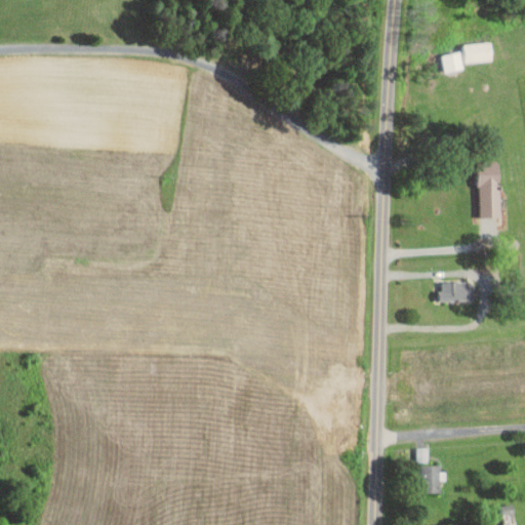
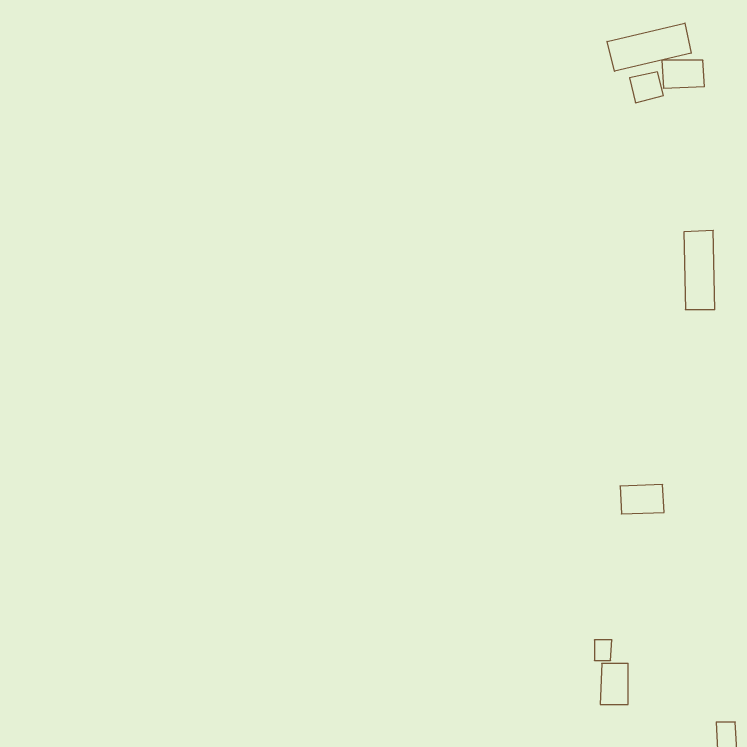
building: none -> [607,23,691,71]
building: [438,282,469,302] -> [620,485,664,514]

